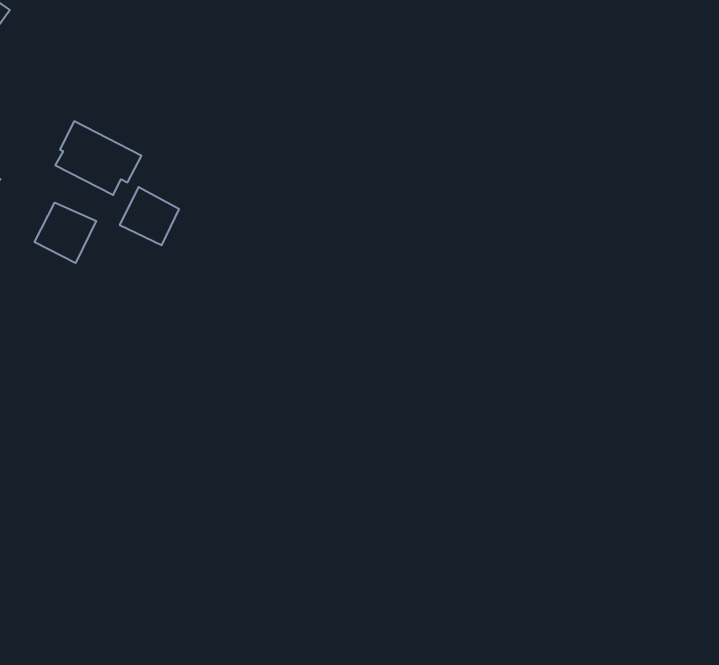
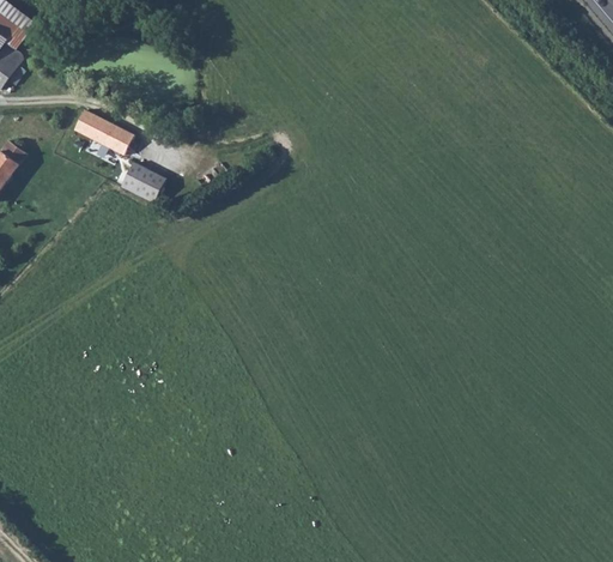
building: [35,203,96,263] -> none

